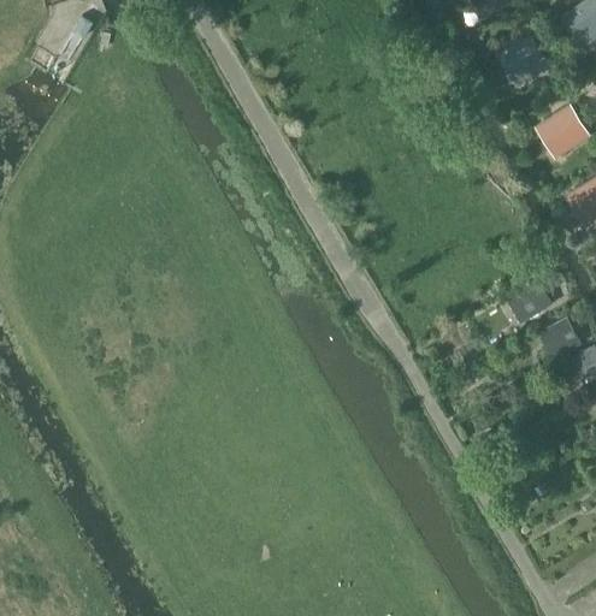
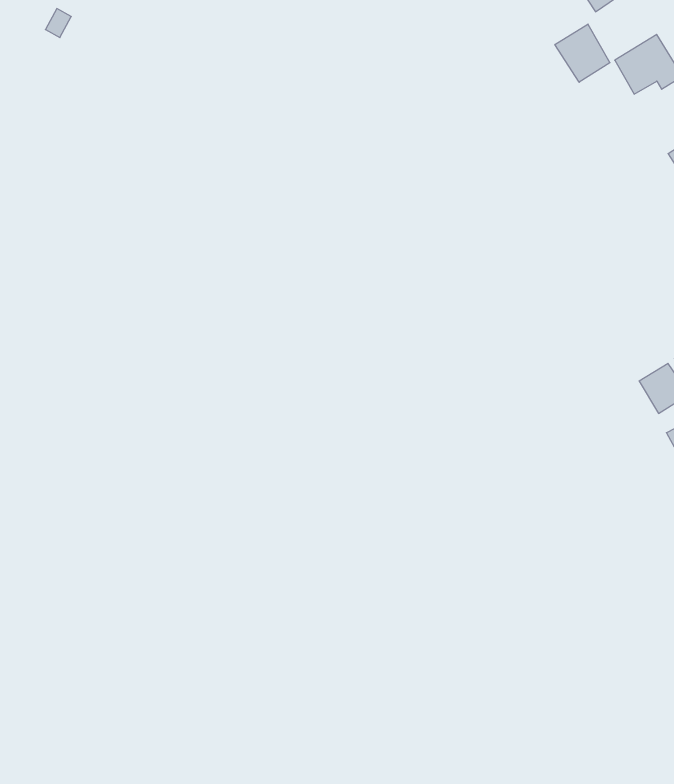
building: none -> [555,24,610,82]

